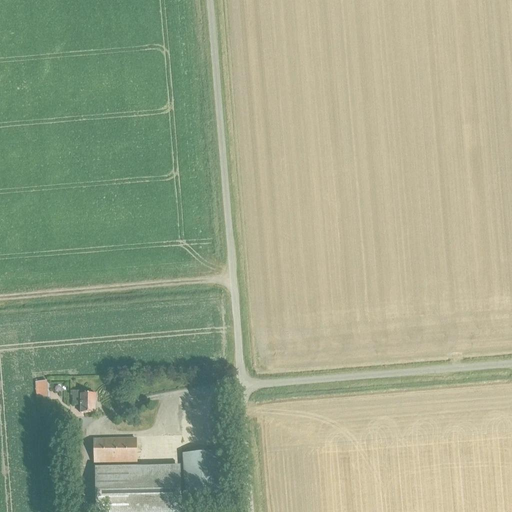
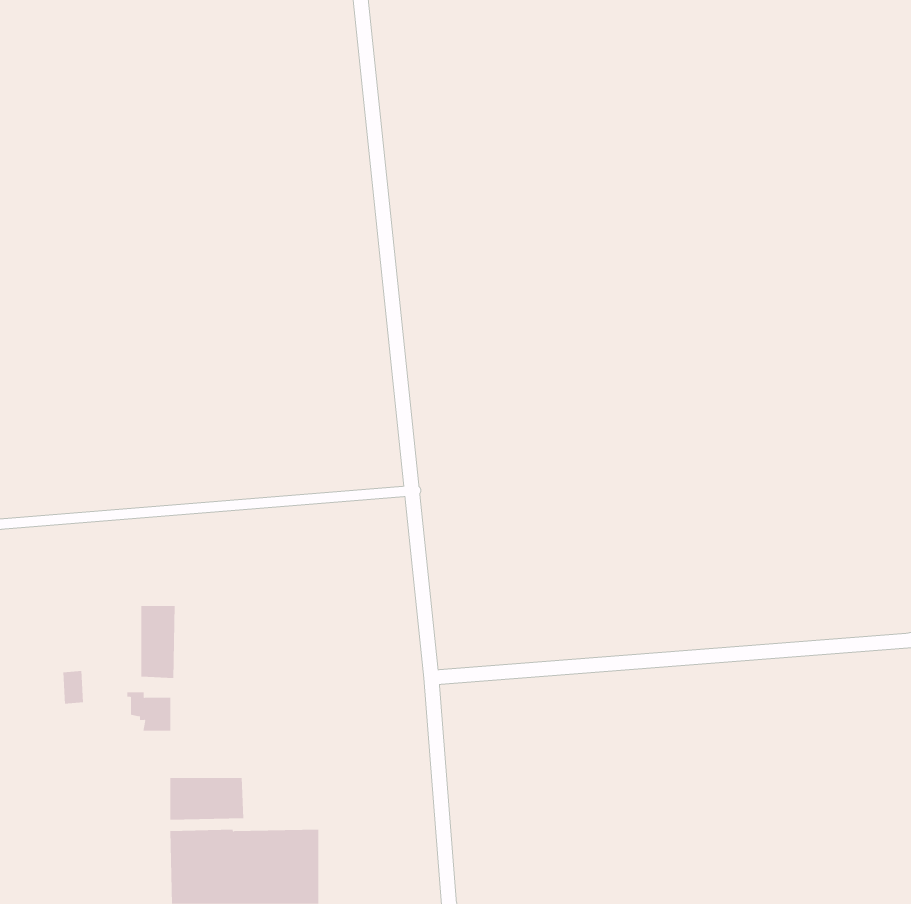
building: none -> [141,605,175,679]
building: [183,448,221,492] -> none

